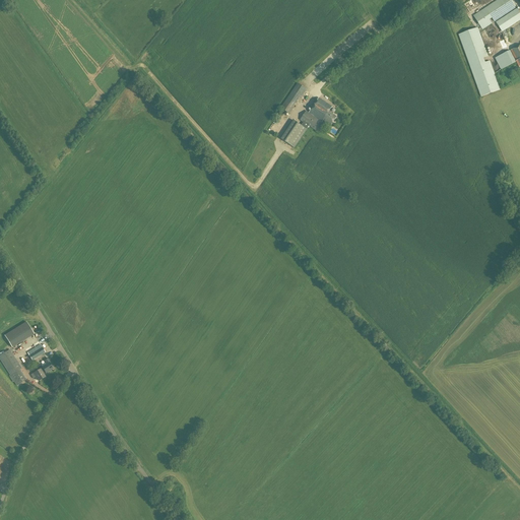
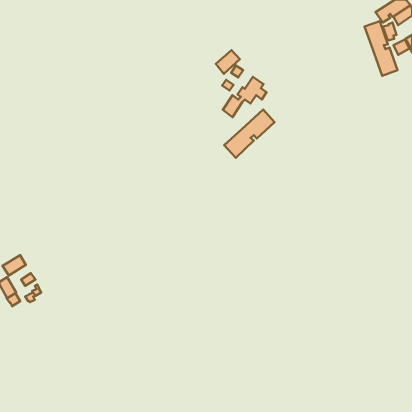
building: none -> [216,50,240,74]
building: none -> [224,109,275,158]

